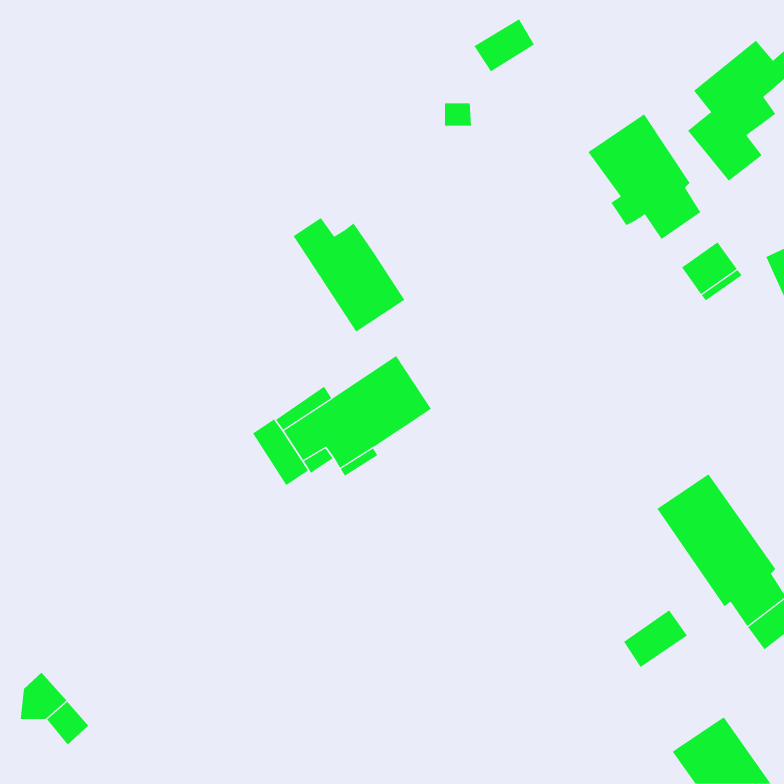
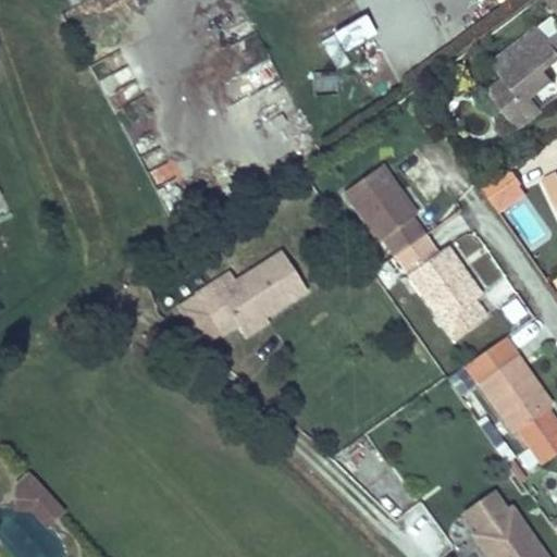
building: [588,114,701,240] -> [342,163,422,252]
building: [293,217,405,333] -> none
building: none -> [376,236,516,338]
building: [623,609,688,668] -> [468,488,513,530]

